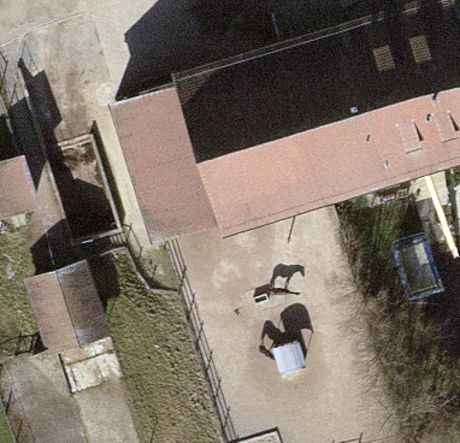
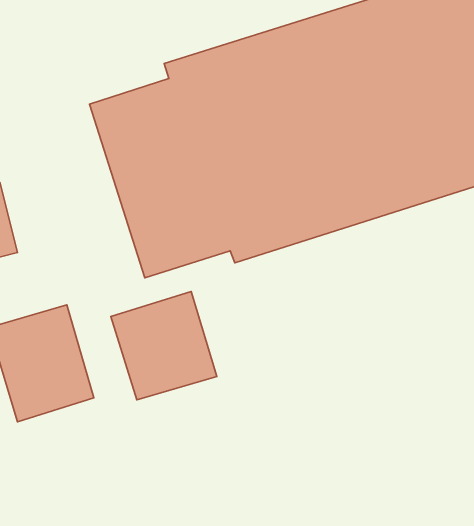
building: none -> [111,291,217,400]

